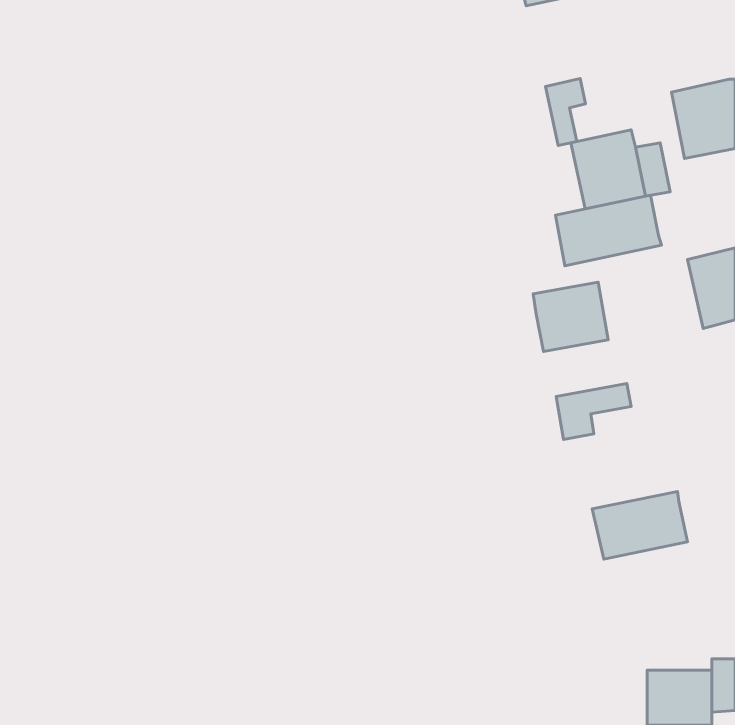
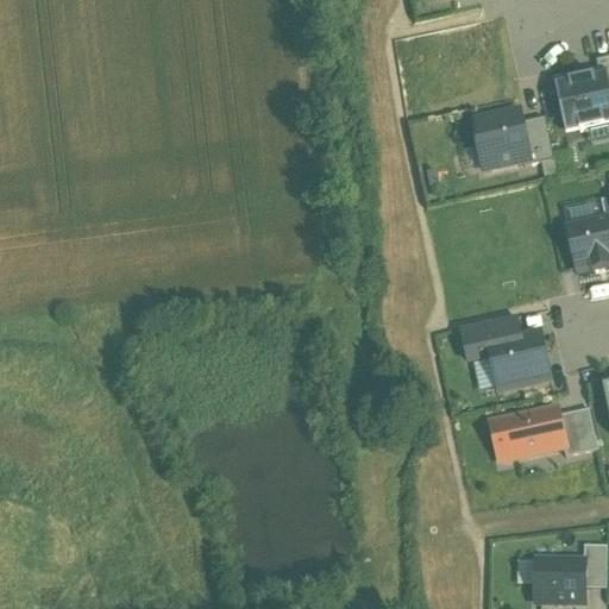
building: [545,78,585,145] -> none
building: [555,195,661,266] -> none
building: [533,282,608,351] -> [488,332,550,389]
building: none -> [560,408,598,456]

